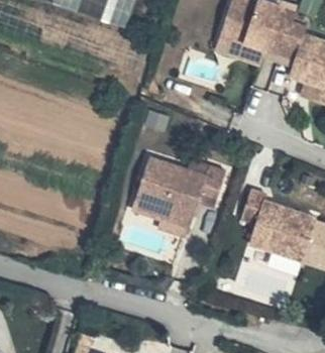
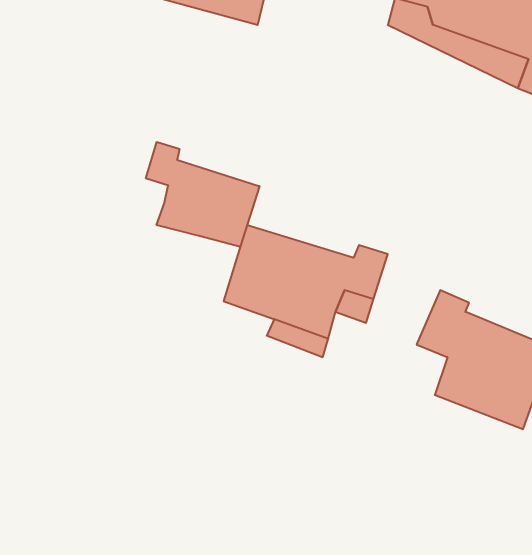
building: none -> [146,142,259,247]

